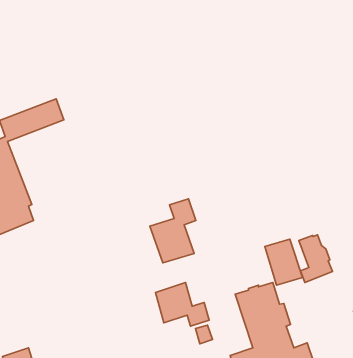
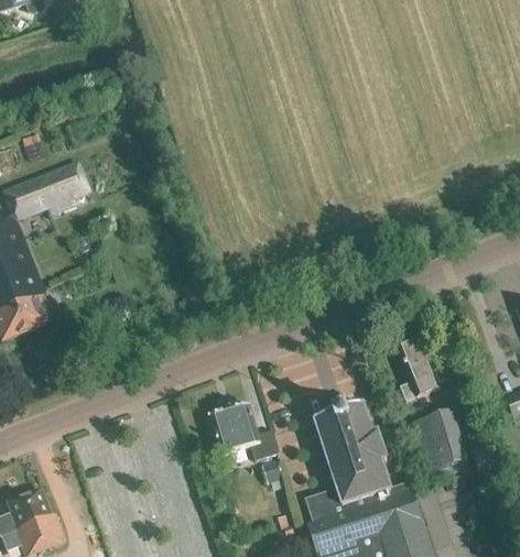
building: [150,199,196,263] -> none
building: [265,239,303,285] -> [413,411,463,471]

